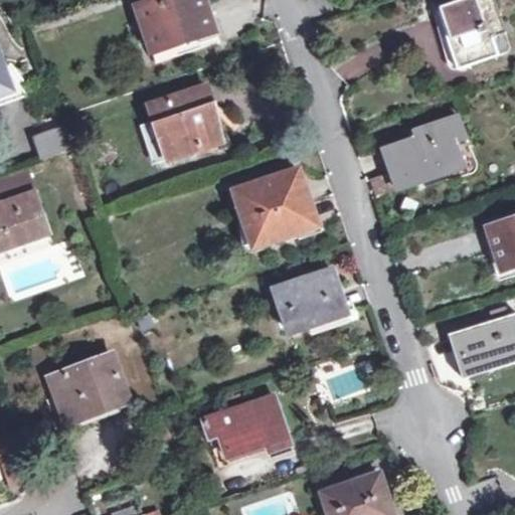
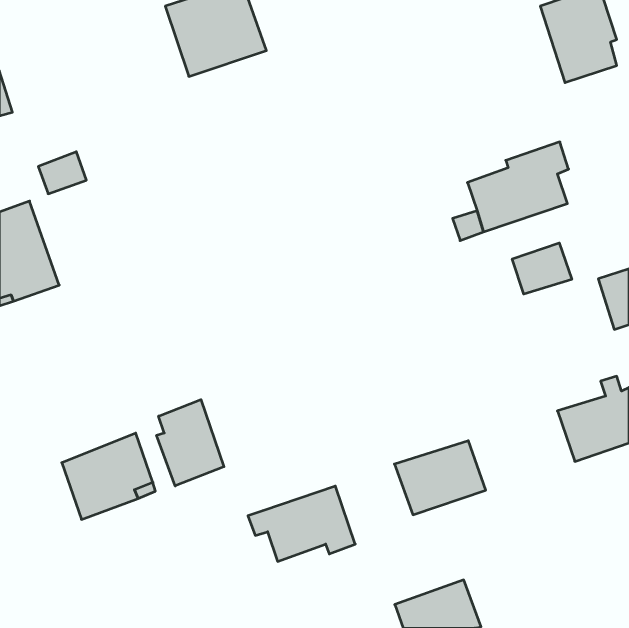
building: [139,89,223,164] -> none
building: [234,169,317,246] -> none
building: none -> [512,243,572,294]
building: [272,269,346,329] -> [394,441,486,515]
building: none -> [157,400,224,486]

